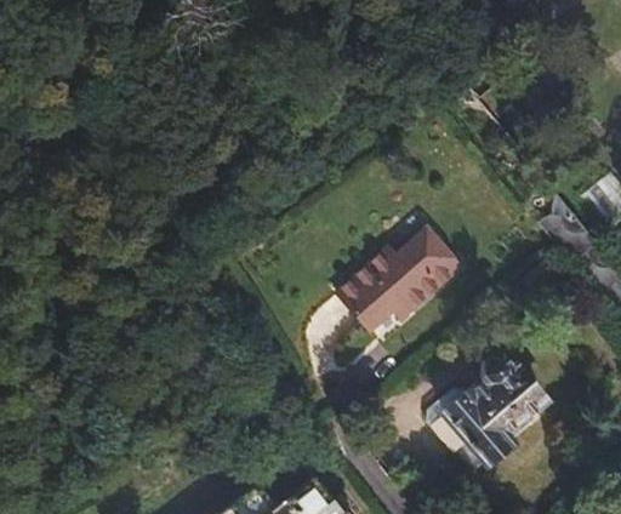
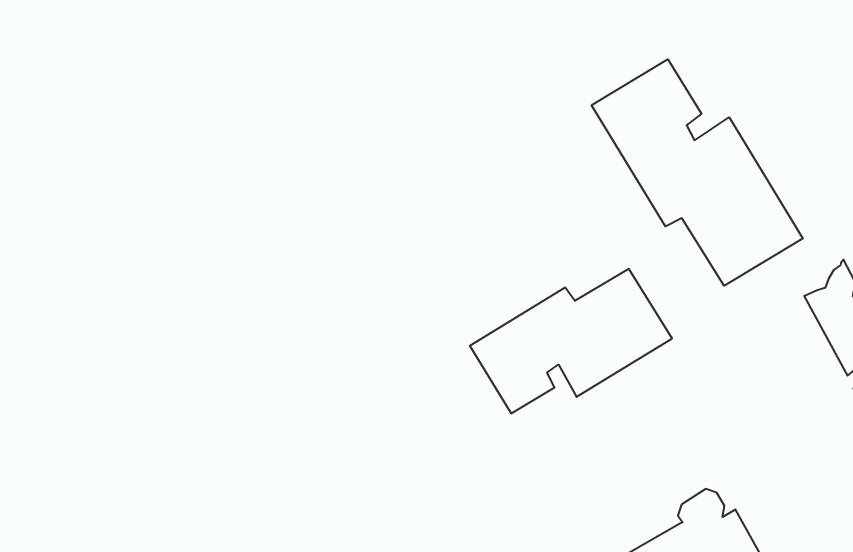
building: none -> [592,59,803,286]

